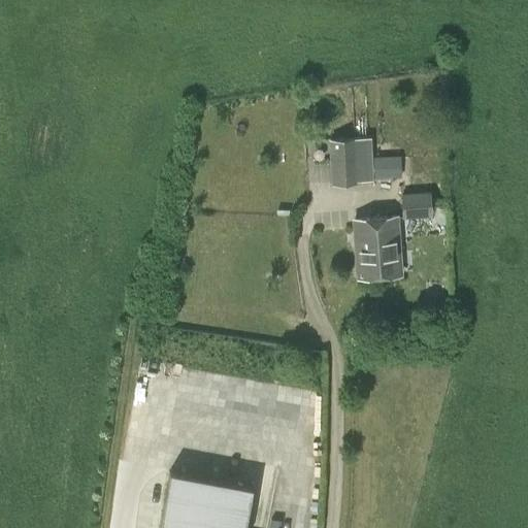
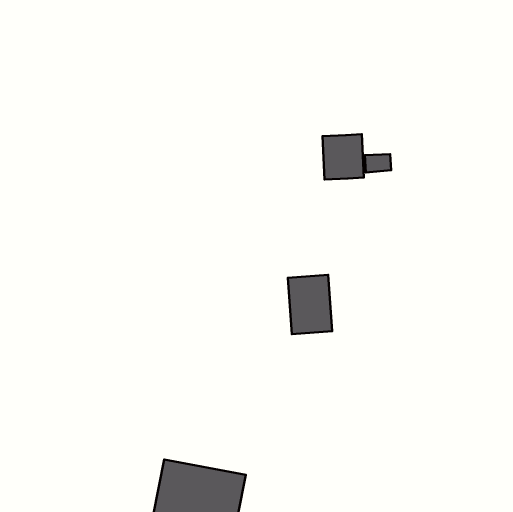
building: [403,196,433,221] -> none
building: [356,220,401,280] -> [288,275,332,334]

